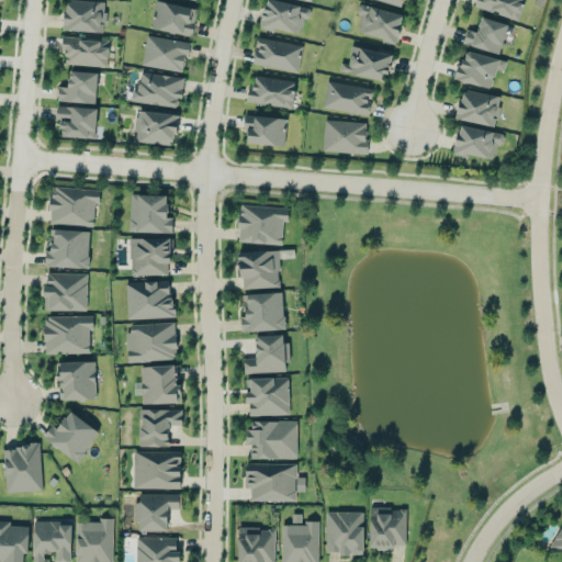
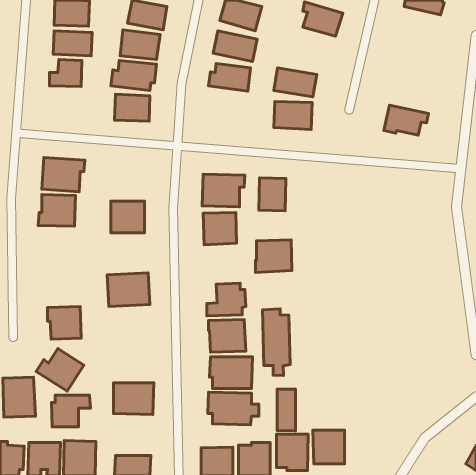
building: [462,18,509,55] -> none
building: [339,46,391,82] -> none
building: [456,50,506,89] -> none
building: [456,89,502,127] -> none
building: [56,106,97,138] -> none
building: [245,116,285,145] -> none
building: [130,195,172,233] -> none
building: none -> [259,178,286,211]
building: [44,273,87,312] -> none
building: [126,281,172,319] -> none
building: [241,293,284,331] -> [256,240,292,272]
building: [44,316,93,355] -> none
building: none -> [262,309,290,375]
building: [140,366,181,404] -> none
building: [139,409,182,447] -> none
building: none -> [277,389,295,431]
building: [135,494,181,531] -> [51,395,90,427]

